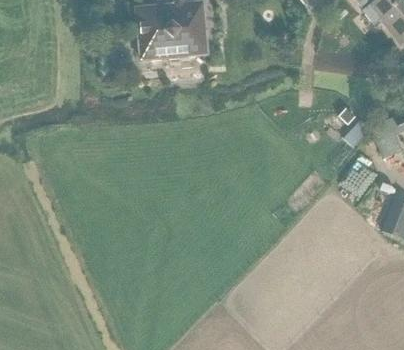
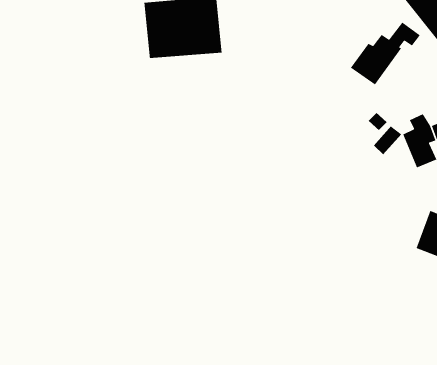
building: none -> [350,22,421,85]

